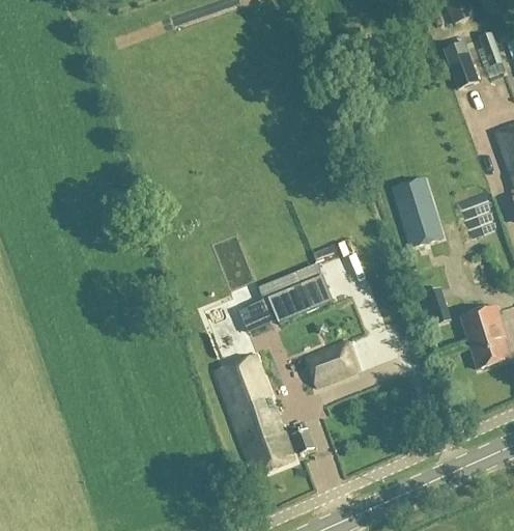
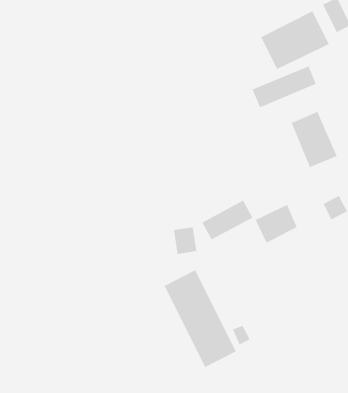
building: none -> [261,11,329,70]
building: none -> [252,65,317,108]
building: [306,340,356,385] -> [255,204,298,244]

